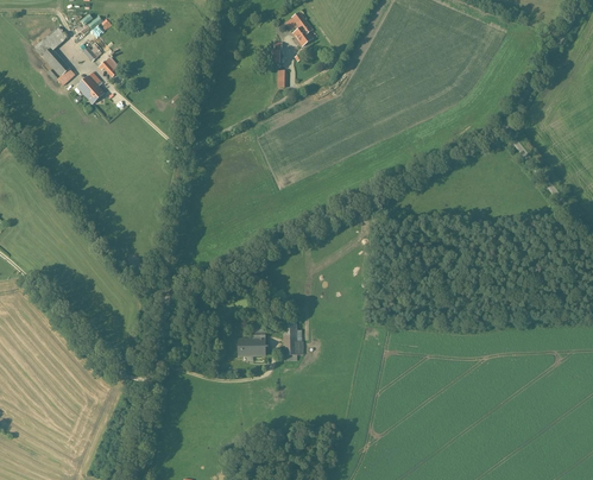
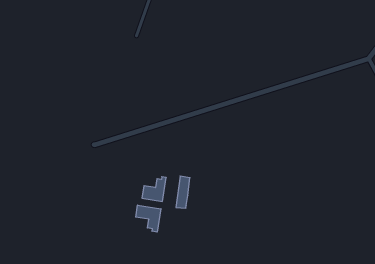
building: none -> [136,205,161,232]

